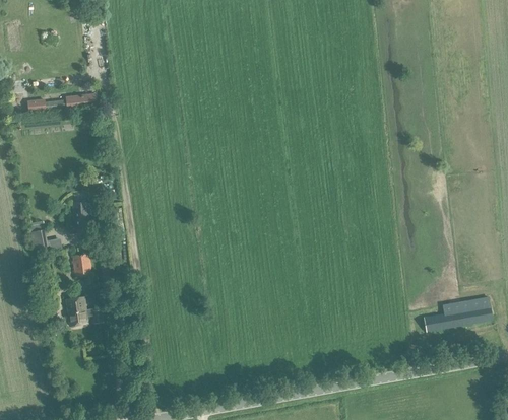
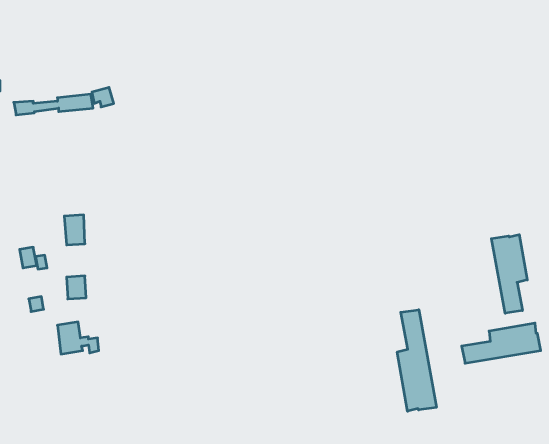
building: none -> [491,235,527,313]
building: none -> [397,310,436,411]

